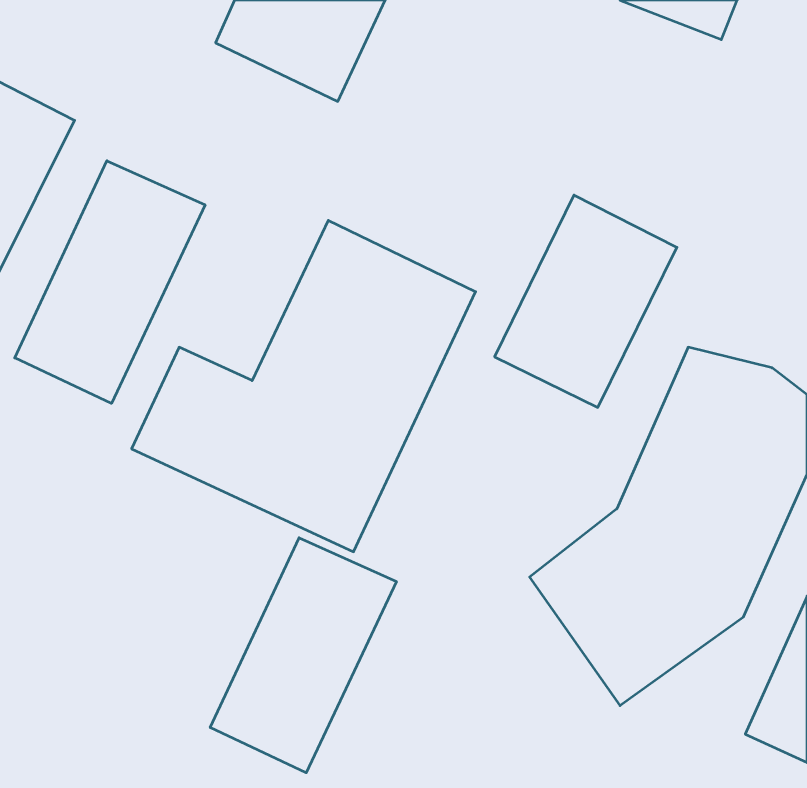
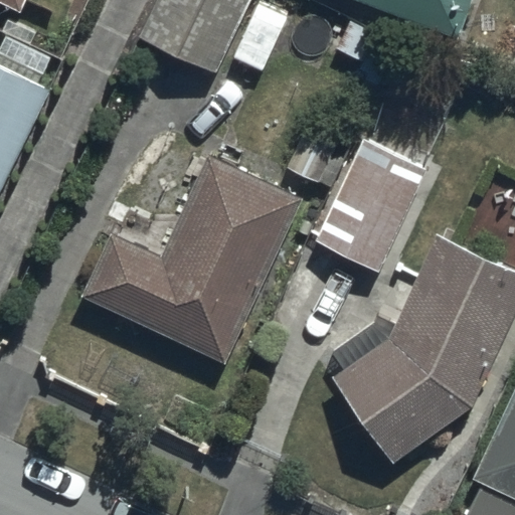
building: [15,161,205,403] -> none
building: [210,538,396,773] -> none

